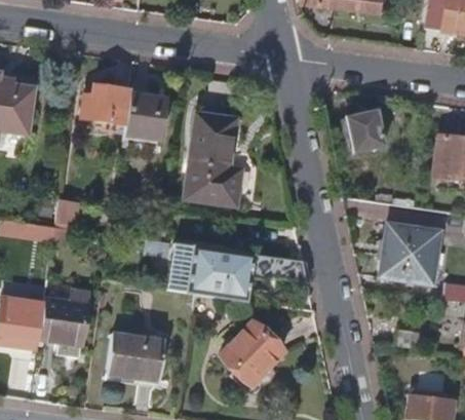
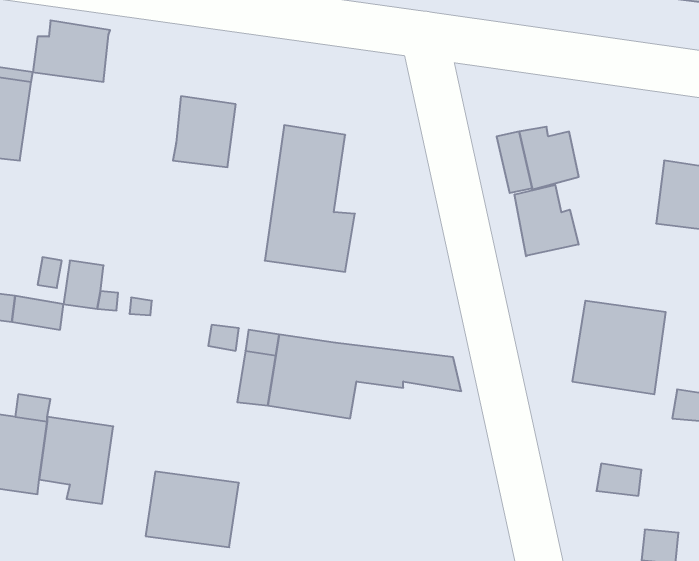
building: [82,84,131,123] -> [33,20,110,82]
building: none -> [515,185,579,256]
building: [220,320,283,384] -> none

